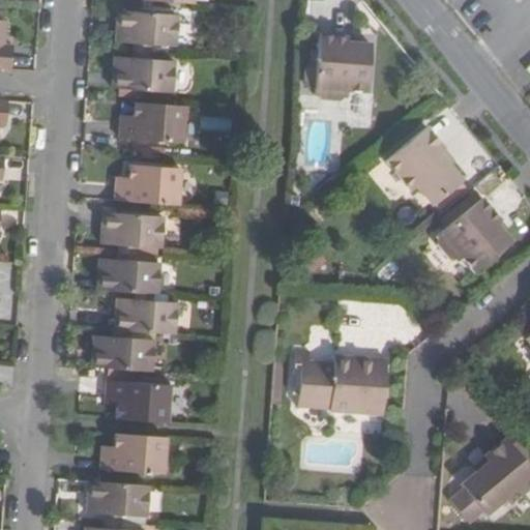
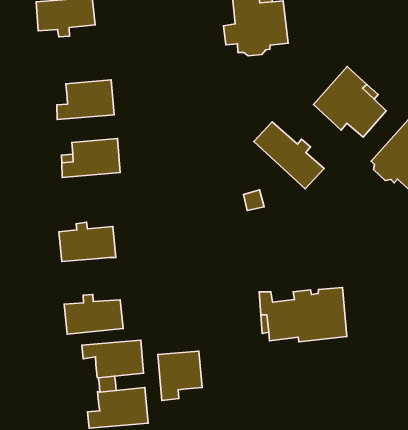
building: [110,50,173,90] -> none
building: none -> [254,122,324,189]
building: [99,211,161,251] -> none
building: [114,291,175,332] -> none
building: none -> [158,351,202,400]

